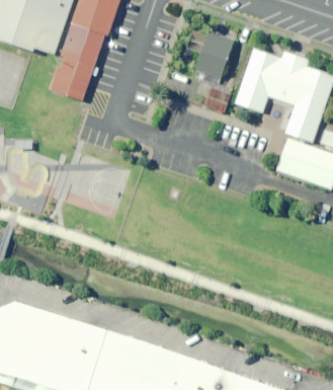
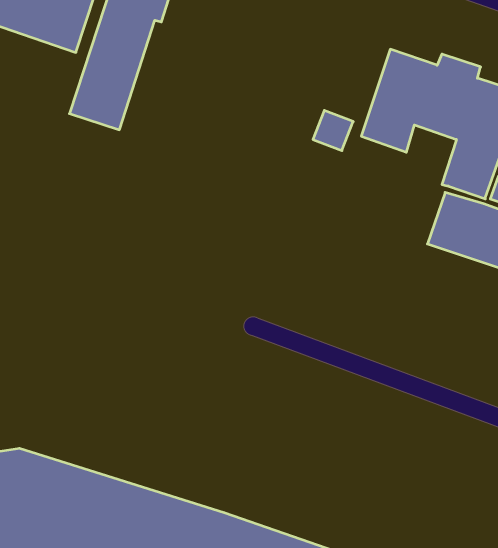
building: [185,32,234,82] -> none

